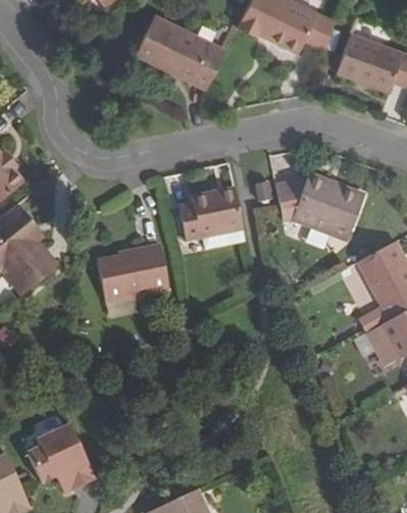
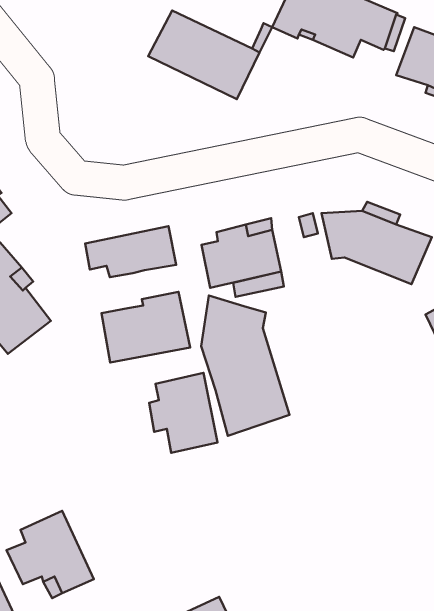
building: none -> [85,226,176,277]
building: none -> [201,296,290,436]
building: none -> [149,373,218,453]

